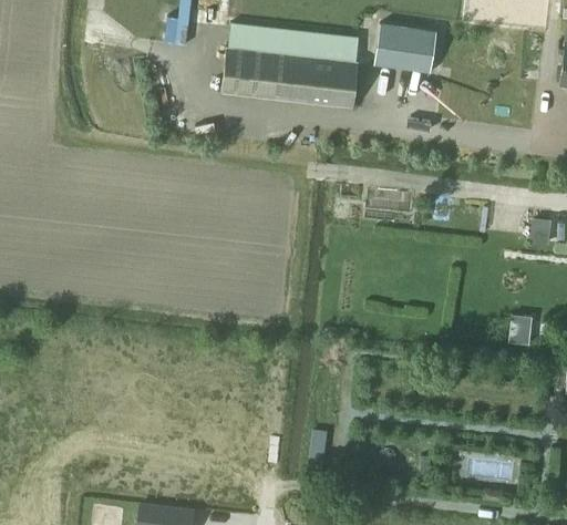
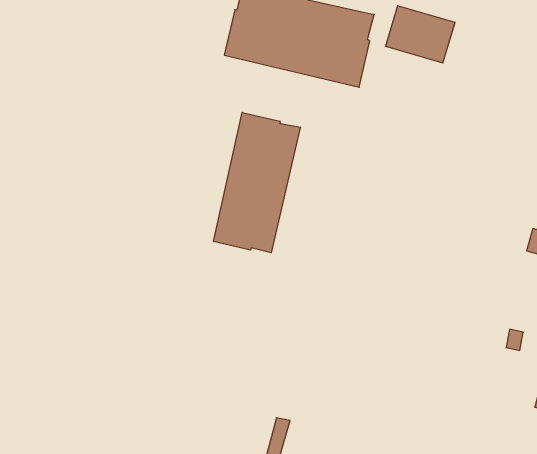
building: none -> [214,112,301,253]

